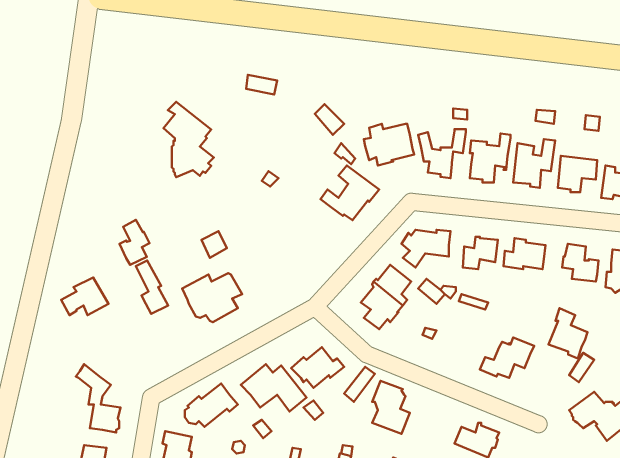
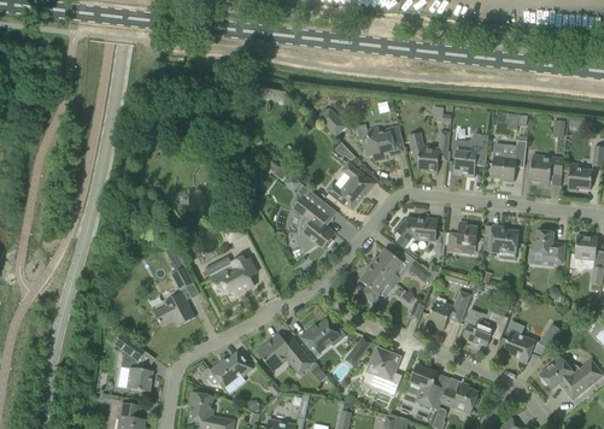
building: [164,102,214,177] -> [292,184,335,249]
building: [120,220,150,265] -> none
building: [61,277,109,315] -> [153,293,194,325]
building: [548,308,588,359] -> [502,319,535,363]
building: none -> [426,289,471,329]
building: none -> [410,364,441,407]

